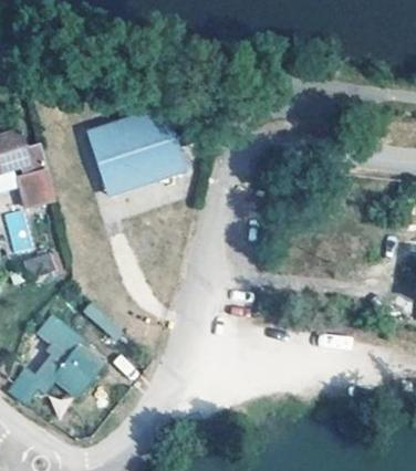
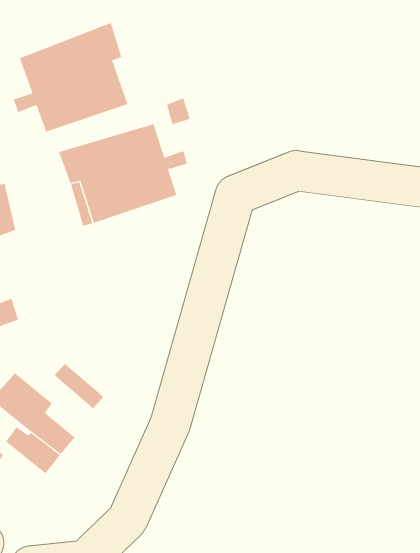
building: none -> [13,22,128,132]

